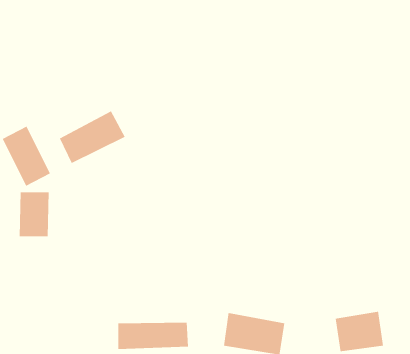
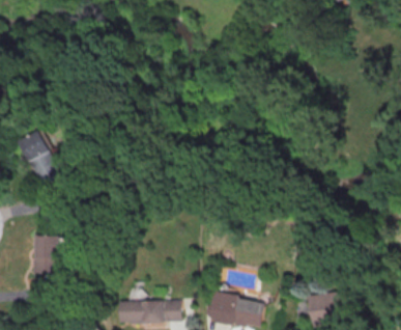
building: [59,110,125,164] -> none
building: [19,192,50,237] -> [32,233,59,273]

